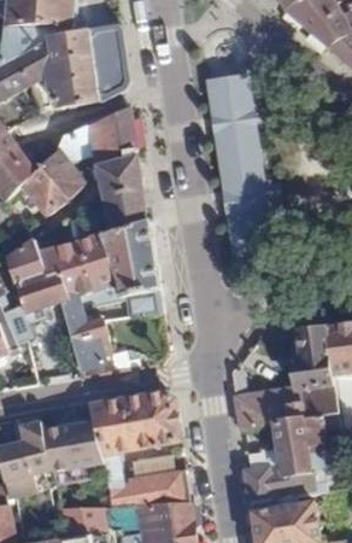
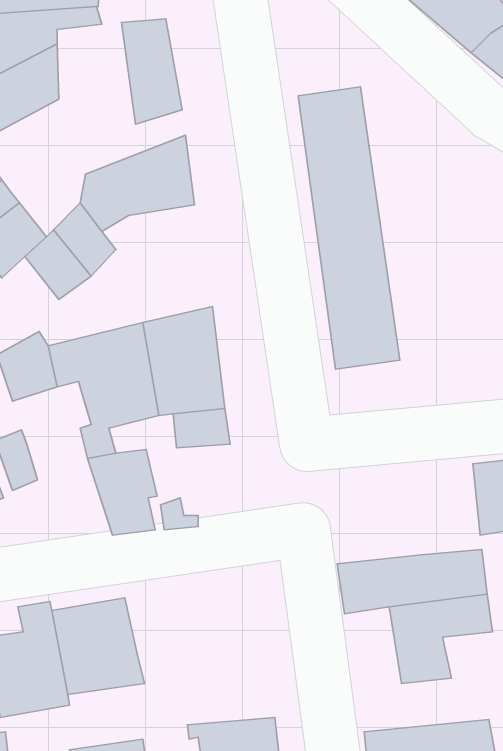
building: [45,28,98,109] -> none
building: [93,151,149,230] -> none
building: [14,270,68,313] -> none
building: [286,326,332,387] -> none
building: [89,390,181,455] -> none
building: [244,459,315,498] -> none
building: [108,468,192,504] -> none

